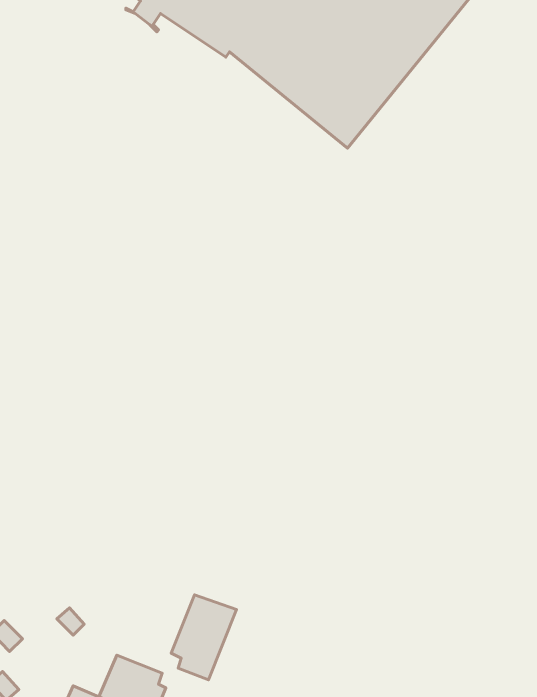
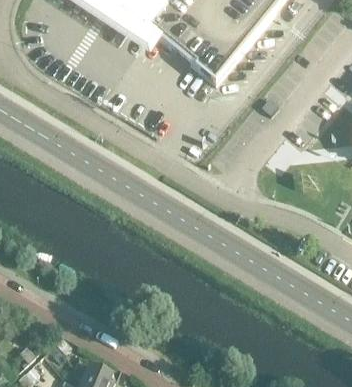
building: [171,595,237,680] -> none

